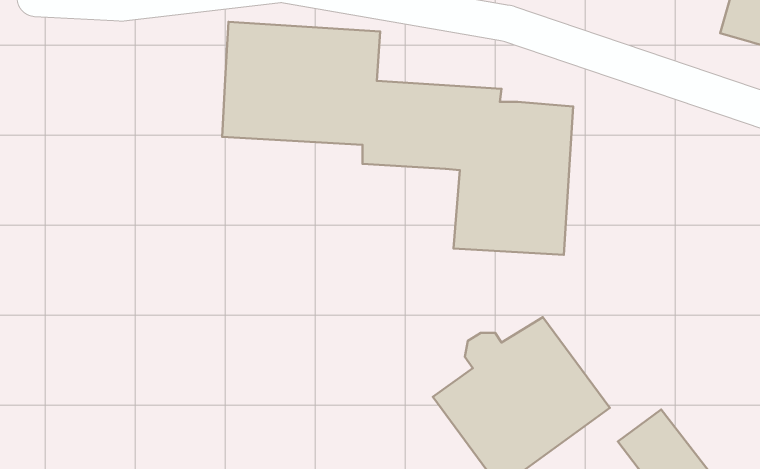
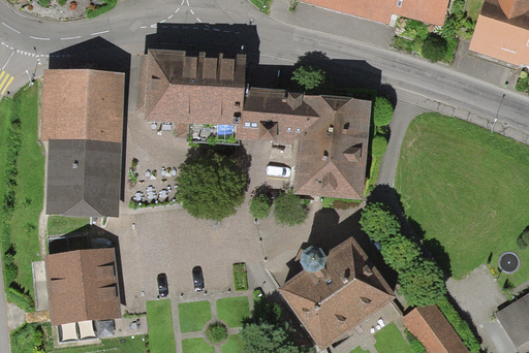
building: none -> [45,69,122,217]
building: none -> [46,245,117,322]

